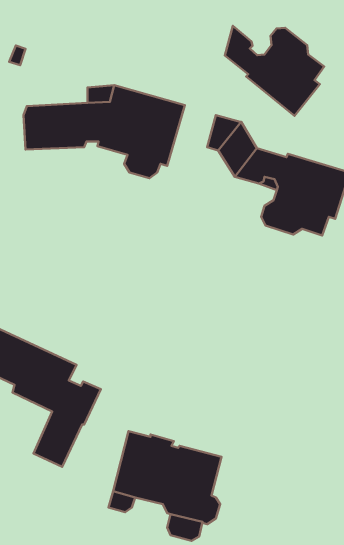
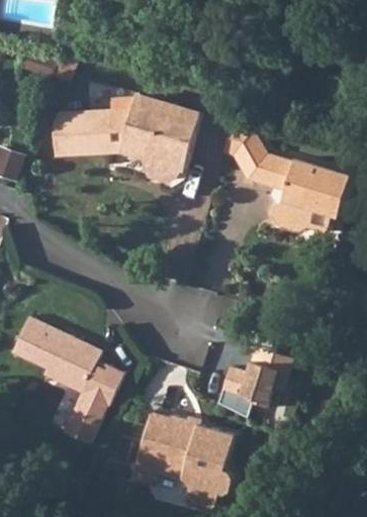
building: [225,26,324,116] -> none
building: none -> [220,346,292,407]

